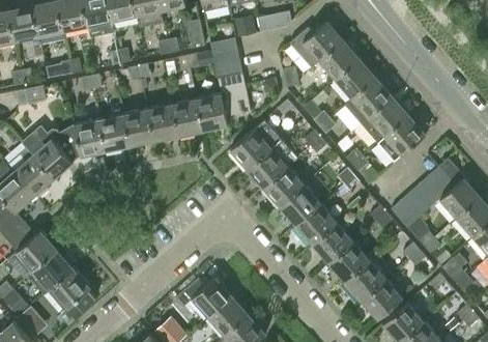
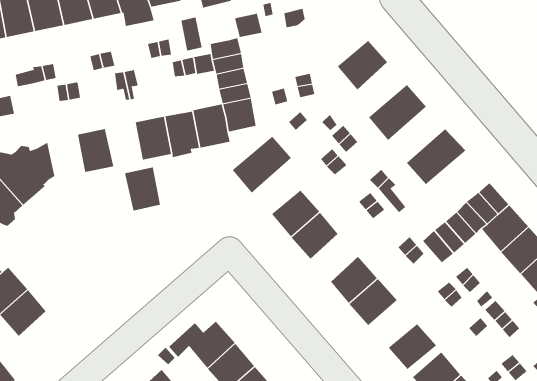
building: [288,20,344,69] -> none
building: [335,58,377,99] -> none
building: [361,95,409,143] -> none
building: [122,109,153,146] -> [124,167,161,211]
building: [74,119,105,156] -> none
building: [246,139,296,187] -> none
building: [295,203,336,244] -> none
building: [344,259,385,300] -> none
building: [49,268,95,322] -> none

